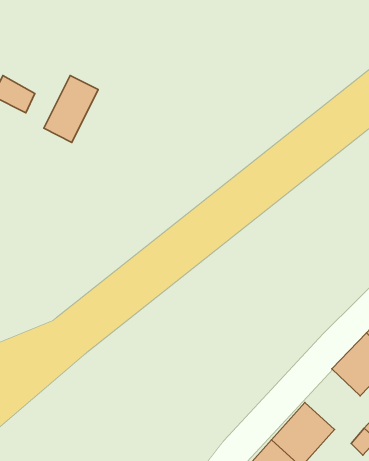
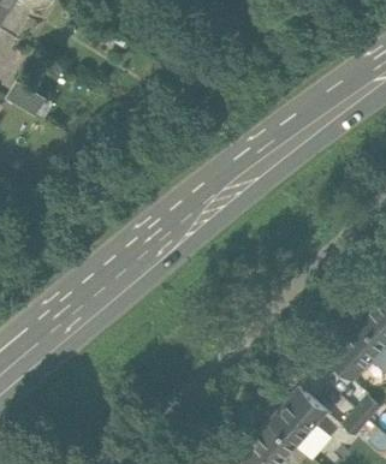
building: [44,75,98,142] -> none

